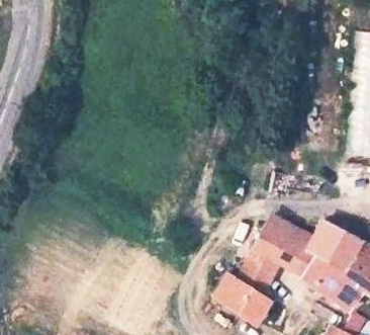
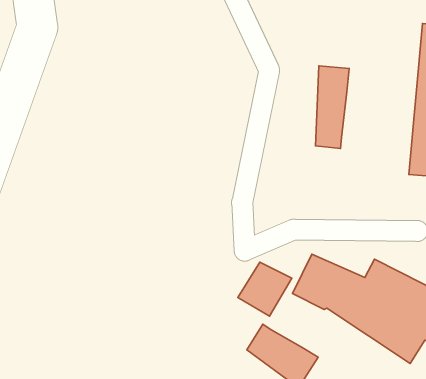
building: none -> [315,66,349,149]
building: [234,249,278,294] -> [238,262,292,316]

